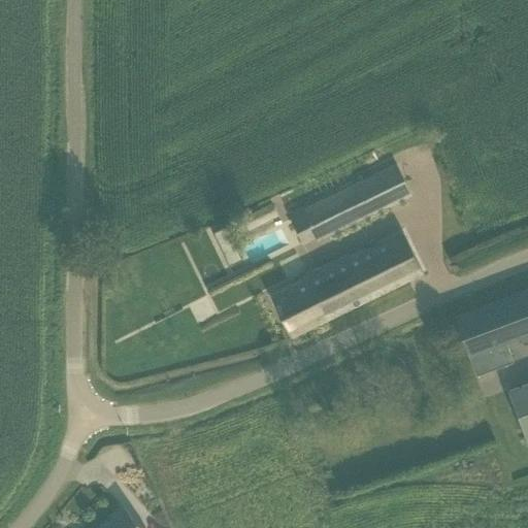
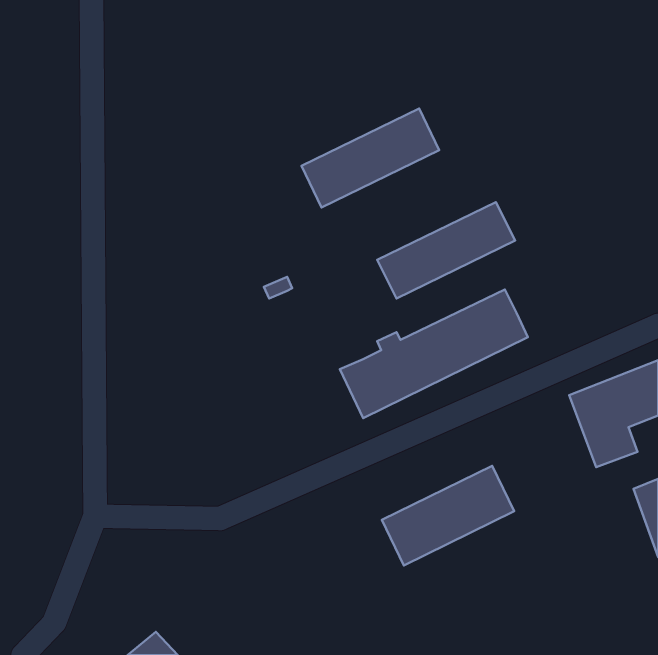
building: none -> [301,108,439,208]
building: none -> [382,466,514,565]

